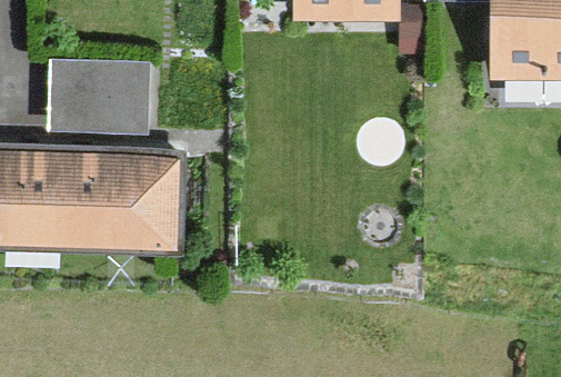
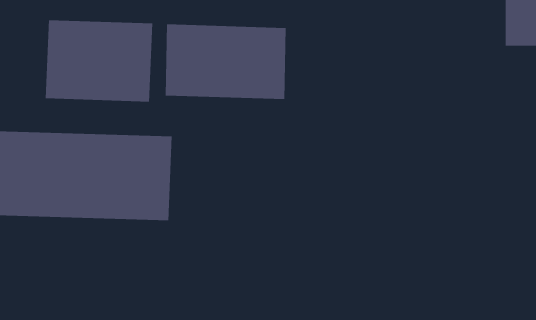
building: none -> [165,24,286,100]

